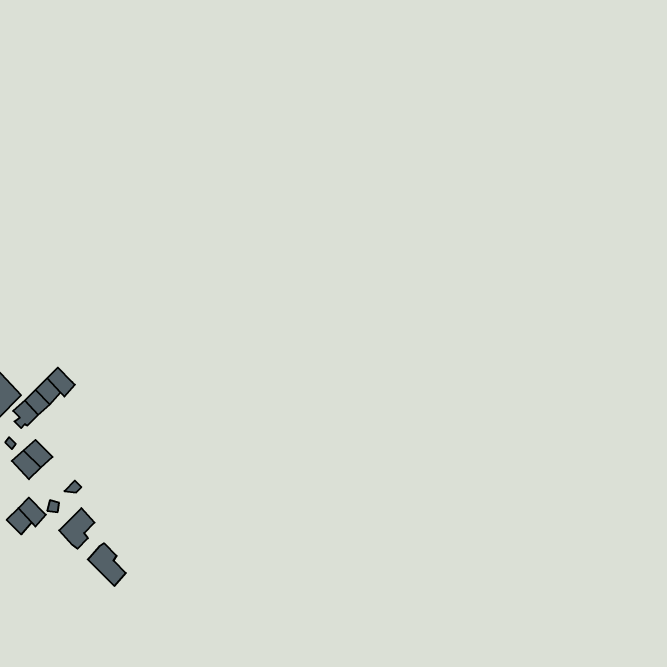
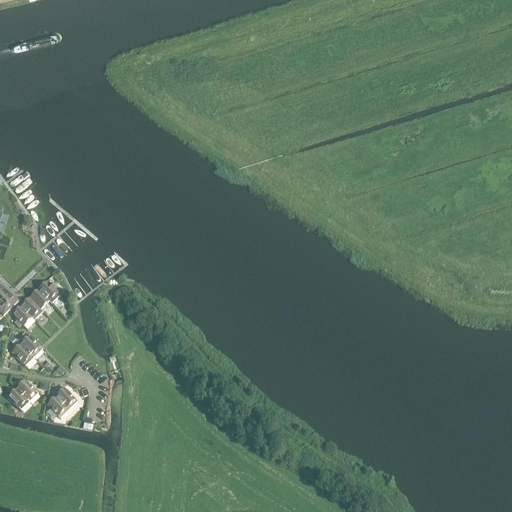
building: [88,543,126,586] -> none

